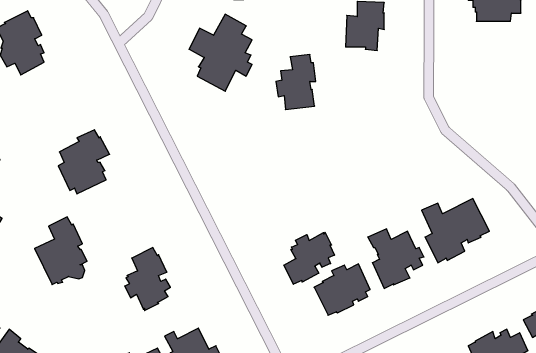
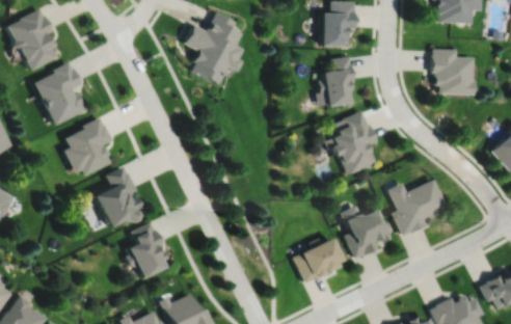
building: none -> [432,48,476,92]
building: [276,55,316,110] -> [320,55,355,104]
building: none -> [35,60,87,123]
building: none -> [326,115,378,173]
building: [35,217,87,285] -> [93,165,140,225]
building: [284,232,334,284] -> none

